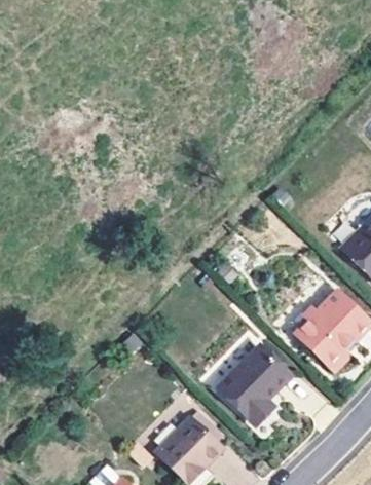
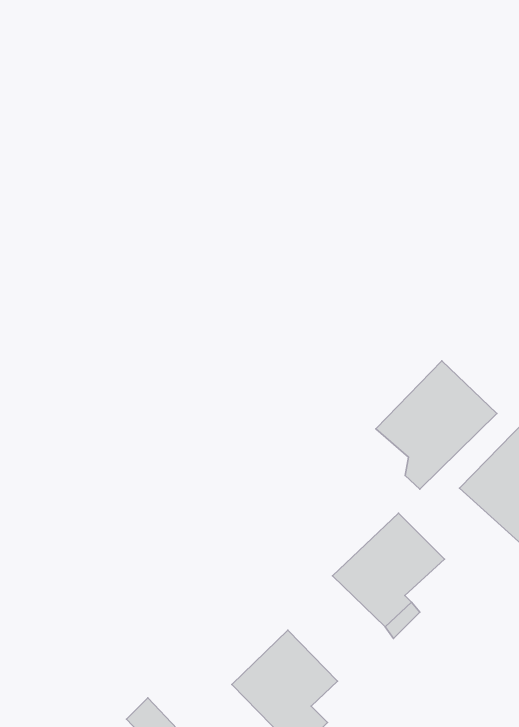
building: none -> [376,361,497,489]

